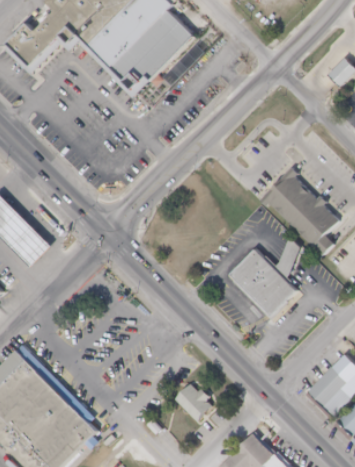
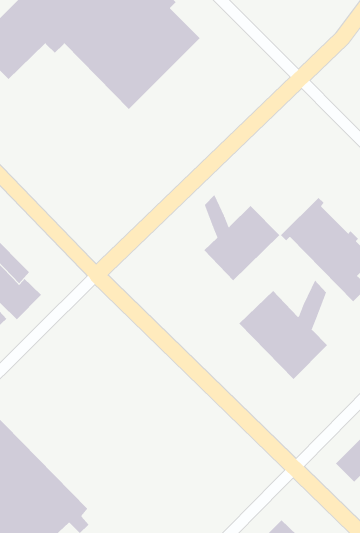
building: none -> [203,194,280,281]
building: [173,383,209,420] -> none

